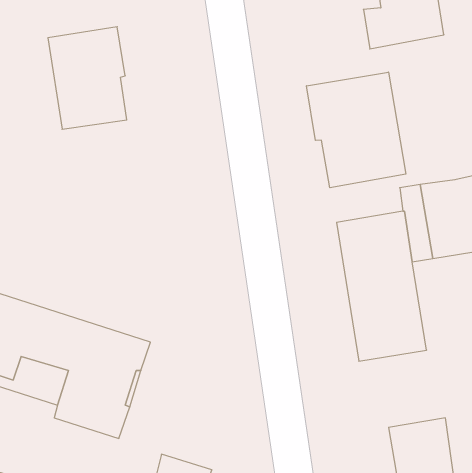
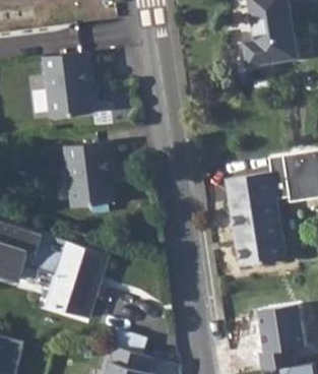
building: [307,72,406,188] -> none
building: none -> [61,144,113,210]

